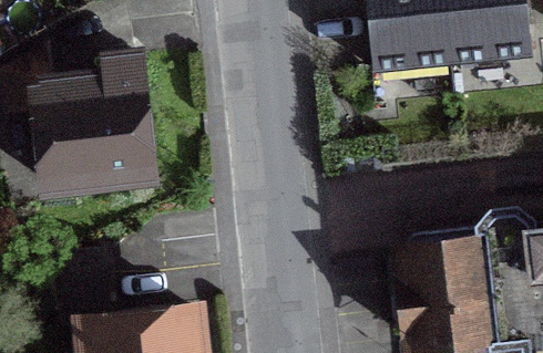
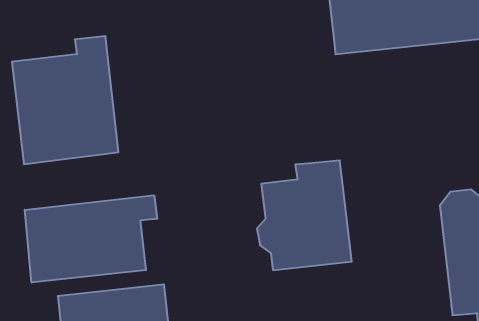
building: none -> [25,195,157,283]
building: [395,229,493,343] -> [257,160,352,270]

